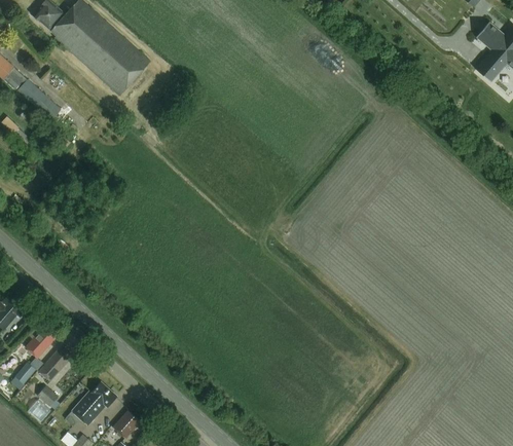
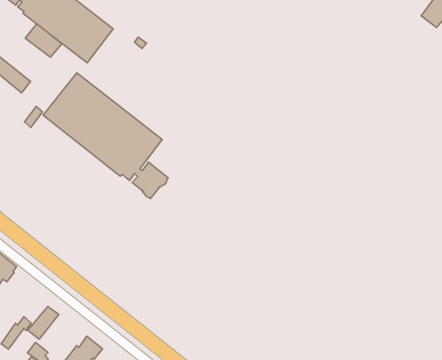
building: none -> [25,24,62,57]
building: none -> [43,73,168,199]
building: [26,327,57,359] -> none

